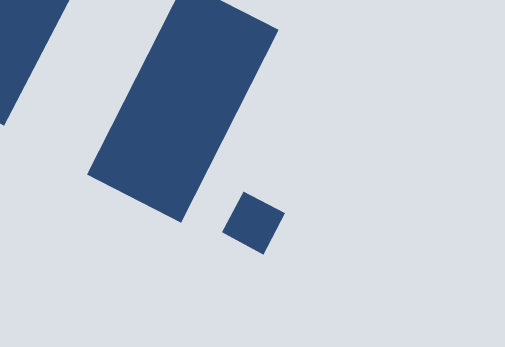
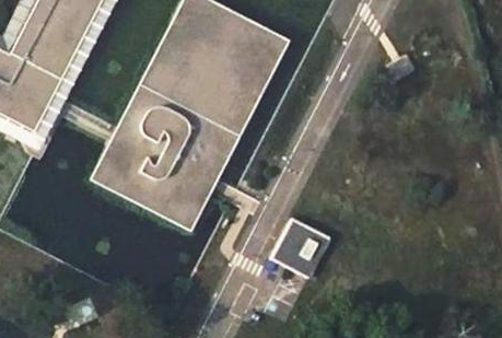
building: [221,191,286,256] -> [270,223,328,281]

